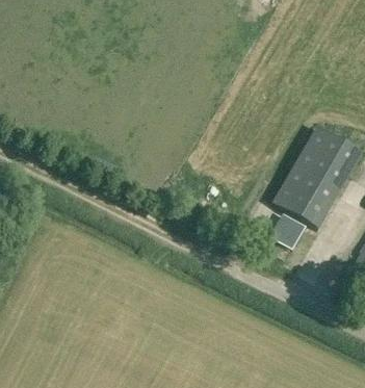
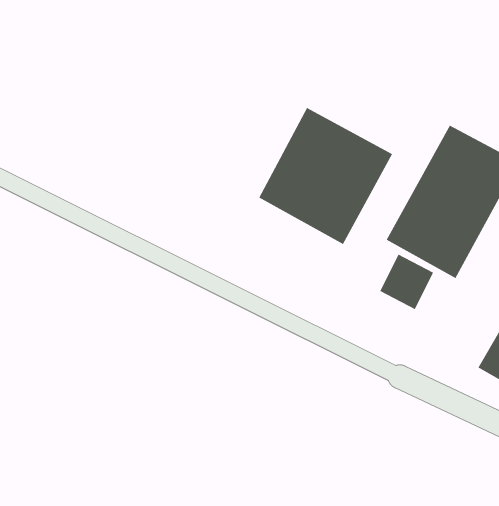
building: none -> [259,107,393,245]

